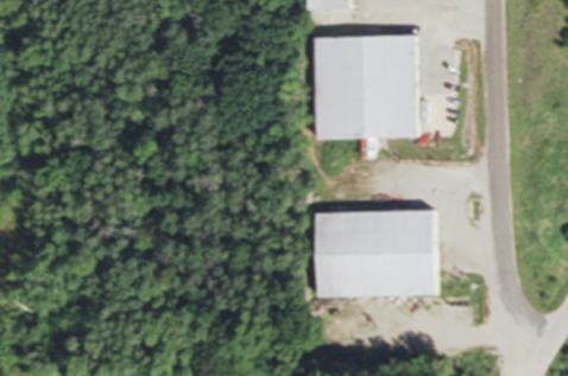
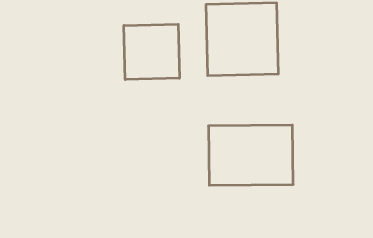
building: none -> [124,24,179,80]

